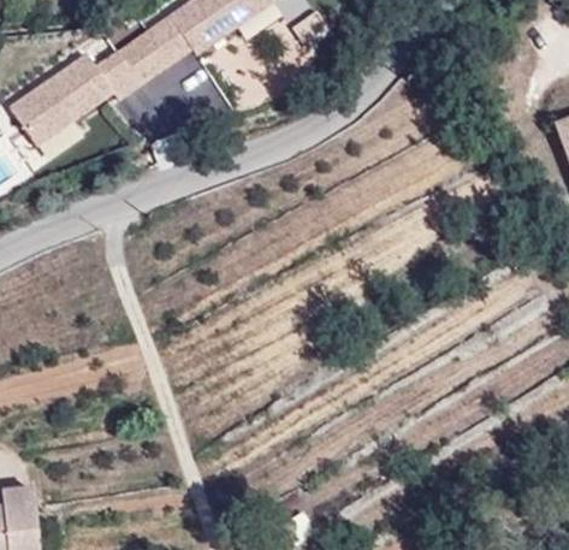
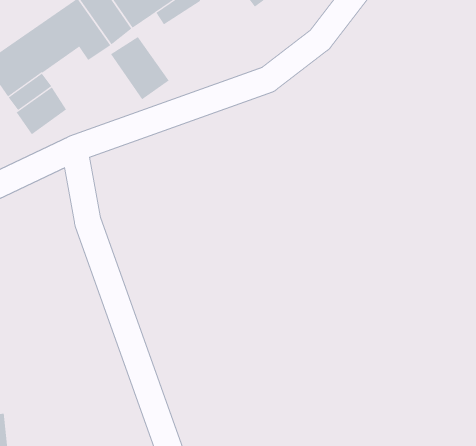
building: none -> [110,36,169,100]
building: none -> [16,87,67,135]

